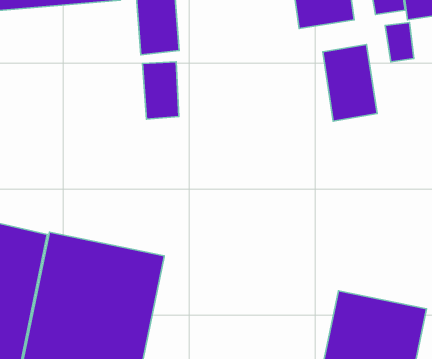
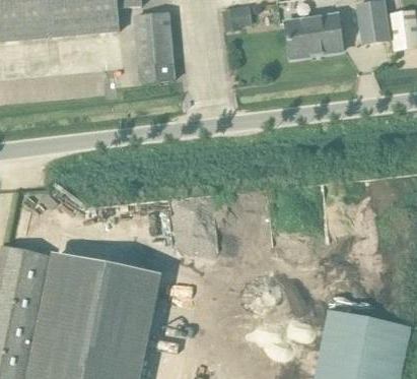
building: [385,23,414,62] -> none
building: [323,44,377,121] -> none
building: [142,62,179,119] -> none

